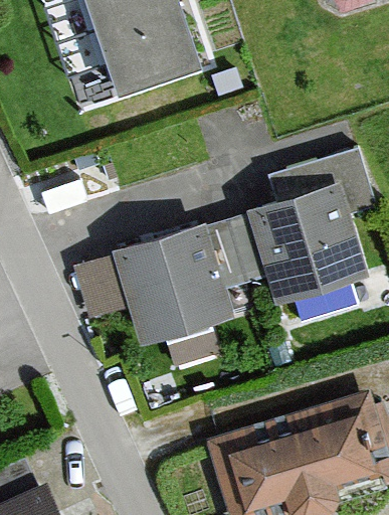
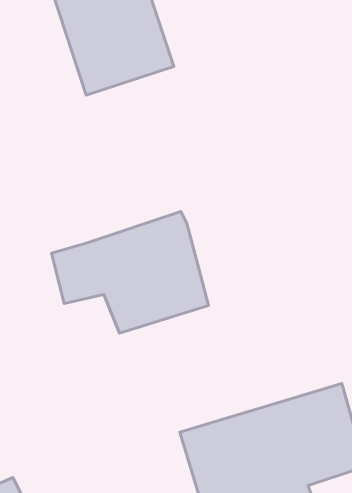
building: [248,145,376,304] -> none

